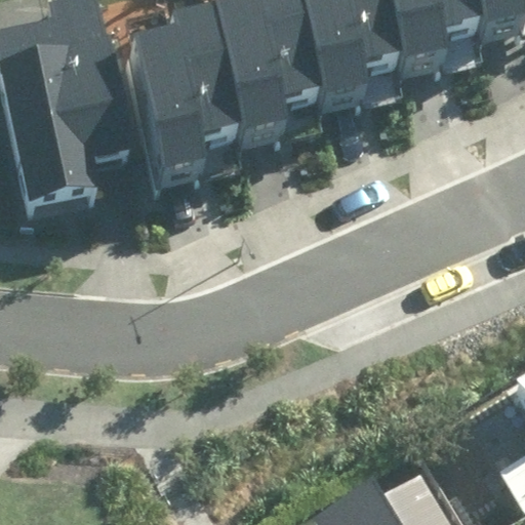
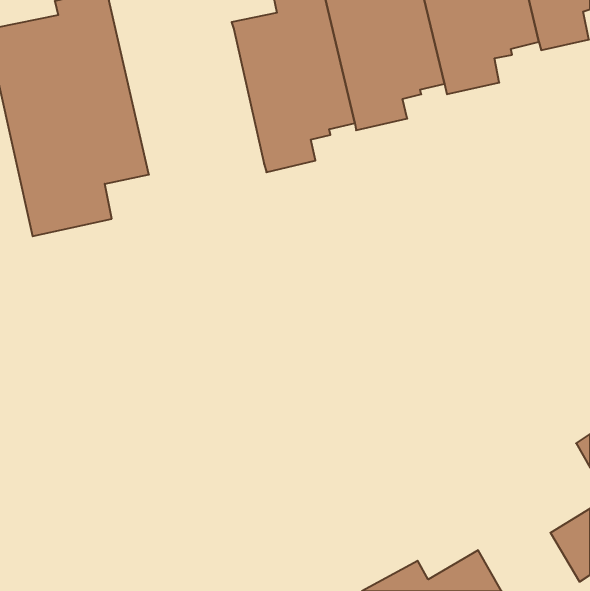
building: [123,26,233,190] -> none

